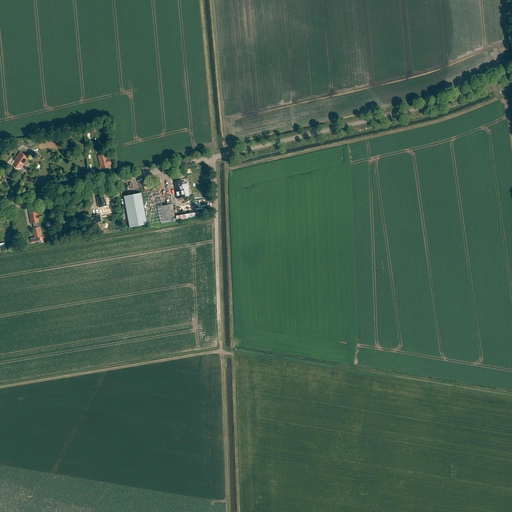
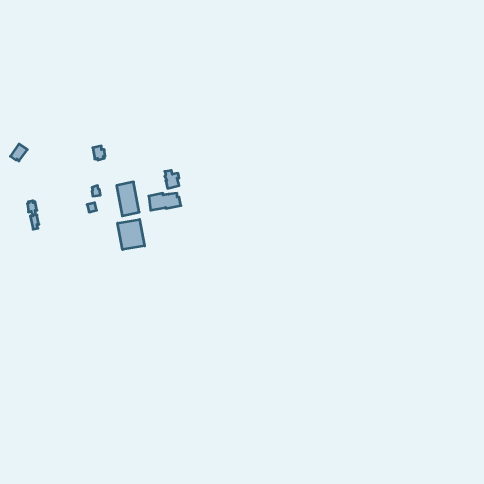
building: none -> [118,219,145,250]

